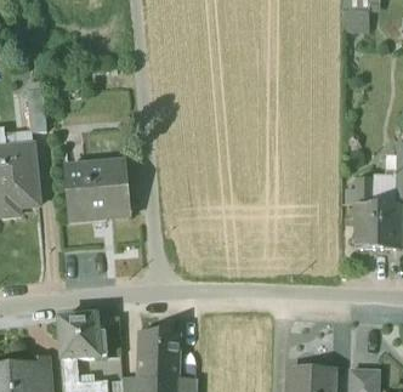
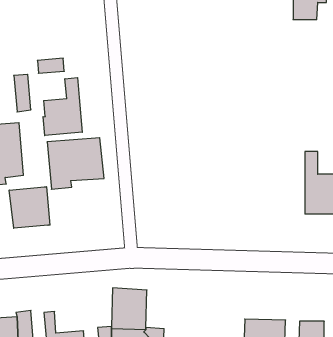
building: none -> [43,78,82,136]
building: none -> [9,187,50,228]
building: [58,313,106,358] -> none

